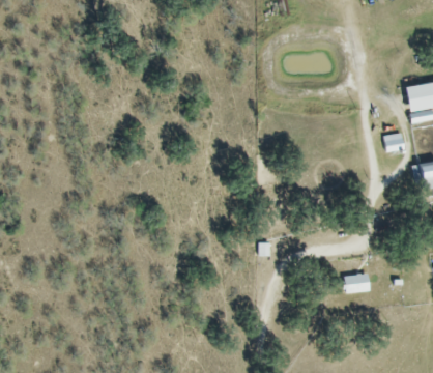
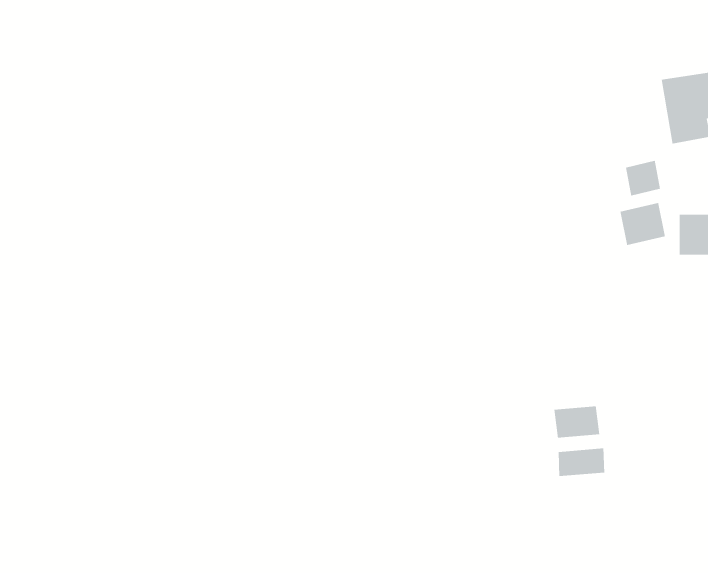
building: none -> [620,202,666,246]
building: none -> [558,448,605,477]

